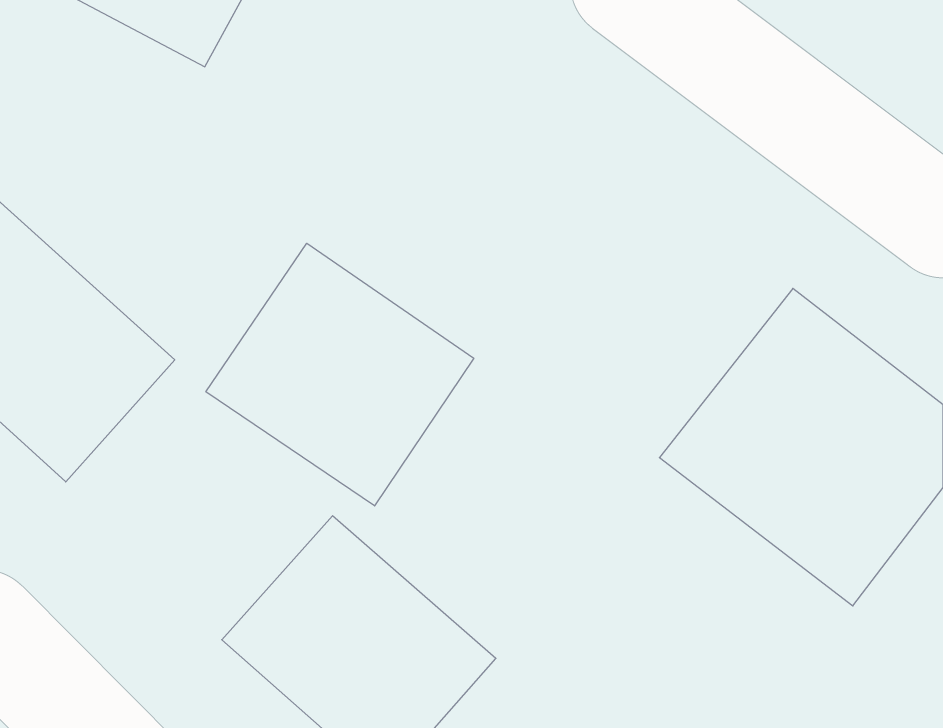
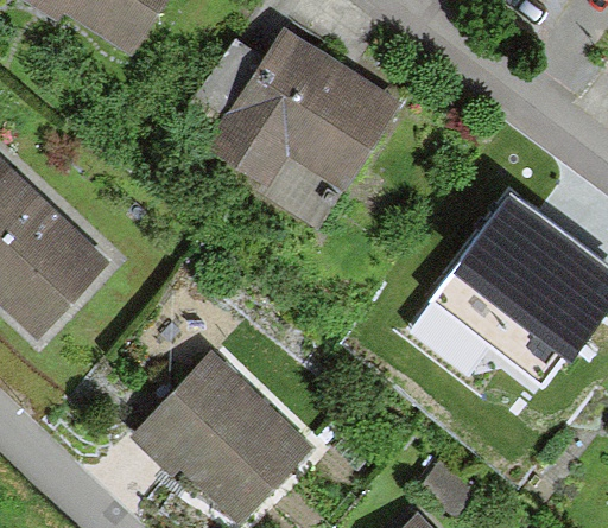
building: none -> [204,45,393,202]
building: [206,243,474,506] -> none

